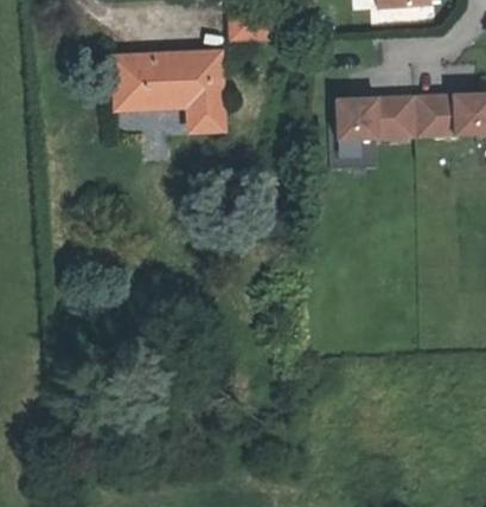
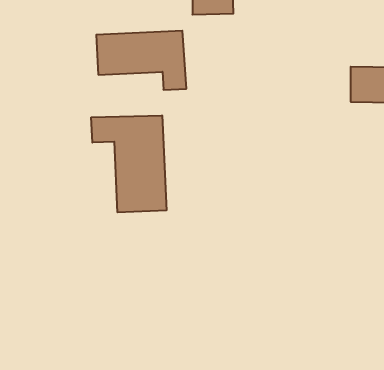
building: [338,96,417,137] -> none
building: none -> [91,115,166,212]

